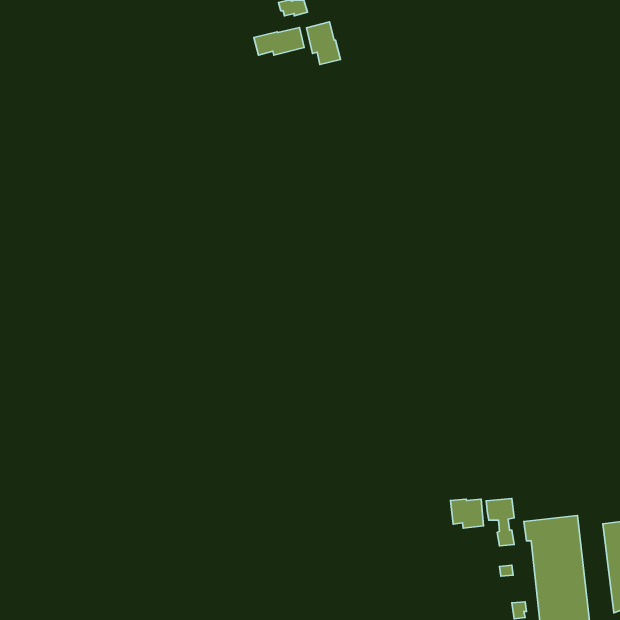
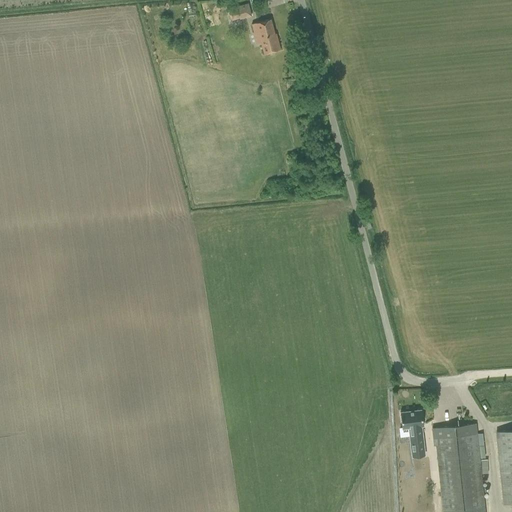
building: [254,27,304,55] -> none
building: [450,499,484,528] -> none

